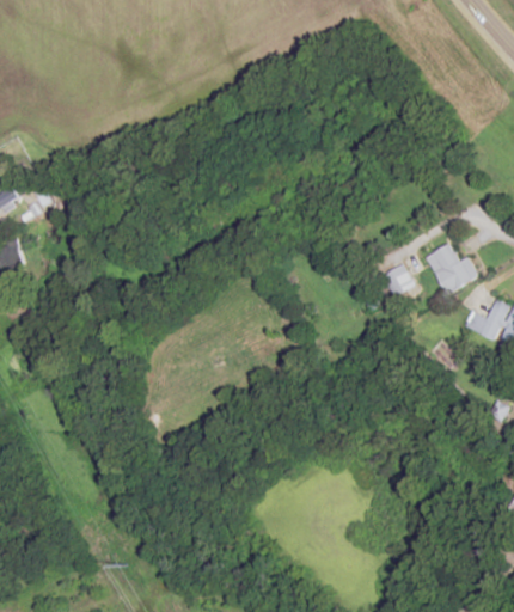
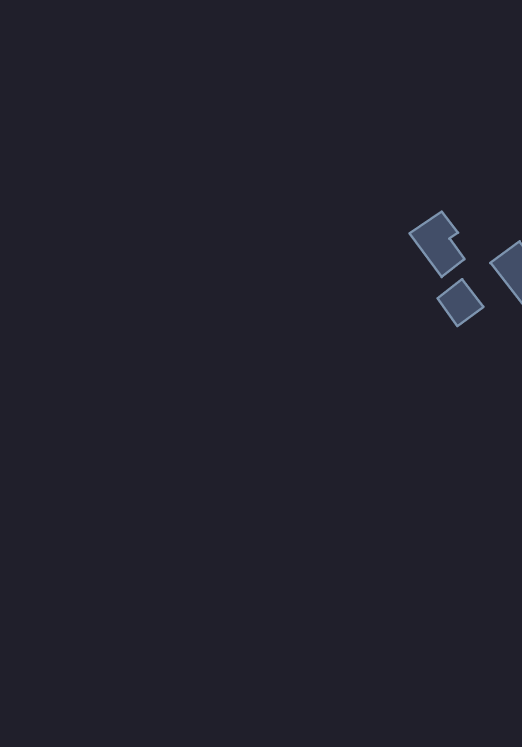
building: none -> [410,212,464,277]

